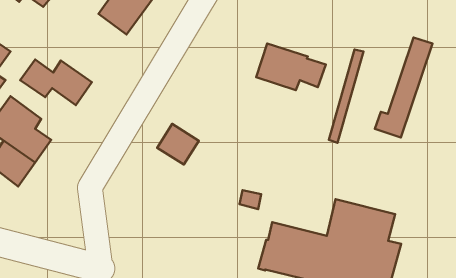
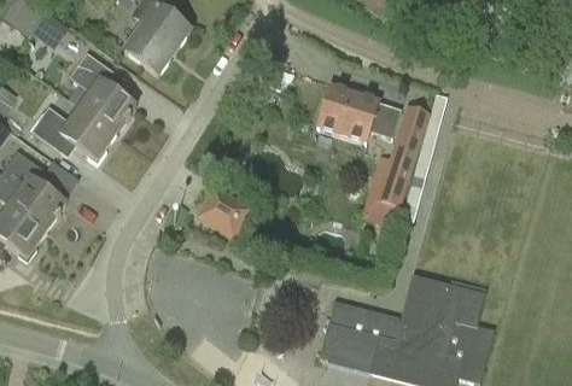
building: none -> [69,52,135,133]
building: [375,37,432,138] -> [360,105,430,227]

